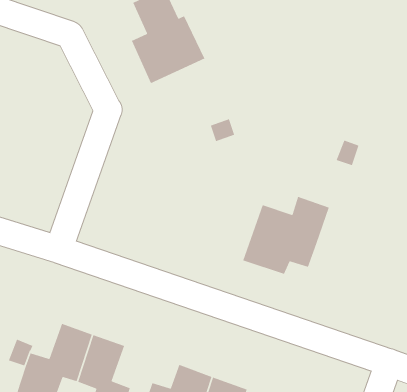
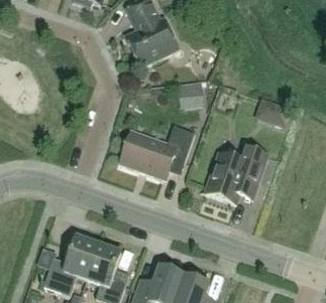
building: none -> [120,124,195,177]

